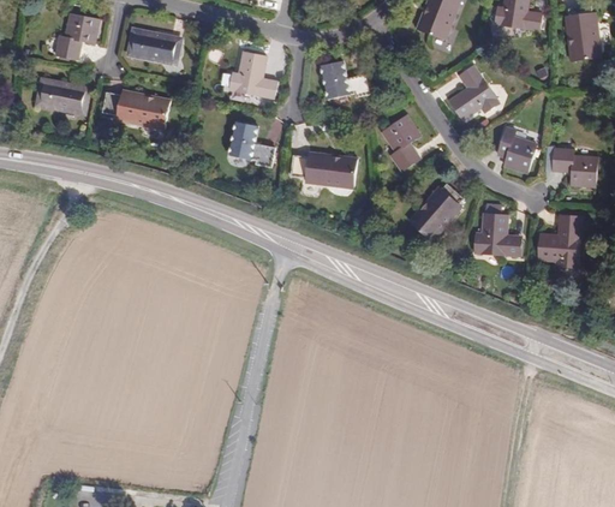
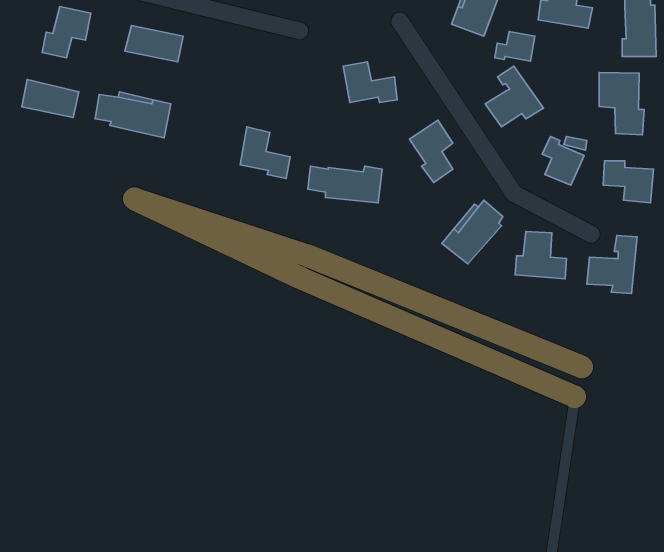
building: none -> [495,31,535,61]
building: [228,53,276,100] -> none
building: none -> [599,72,644,135]

